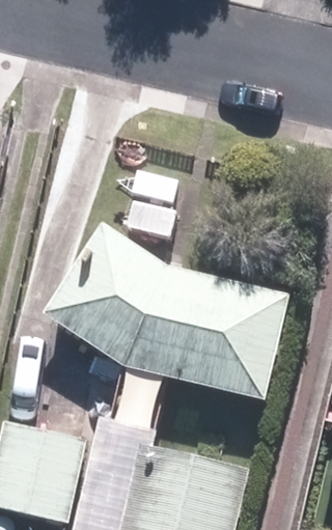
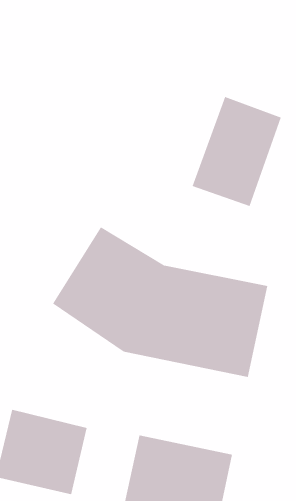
building: none -> [192,96,281,207]

